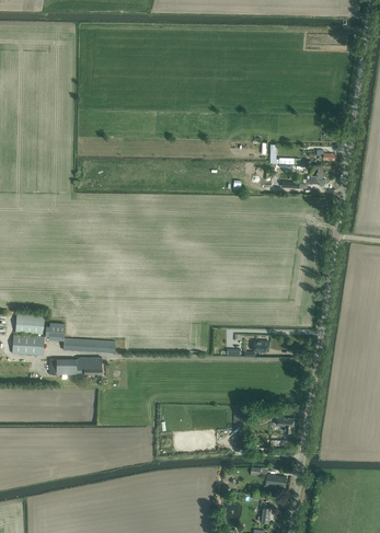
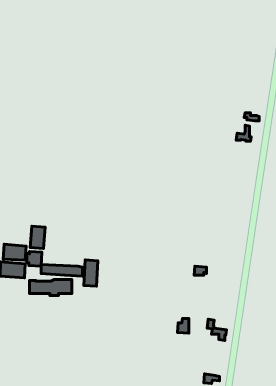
building: none -> [30,226,45,249]
building: none -> [84,260,98,286]

